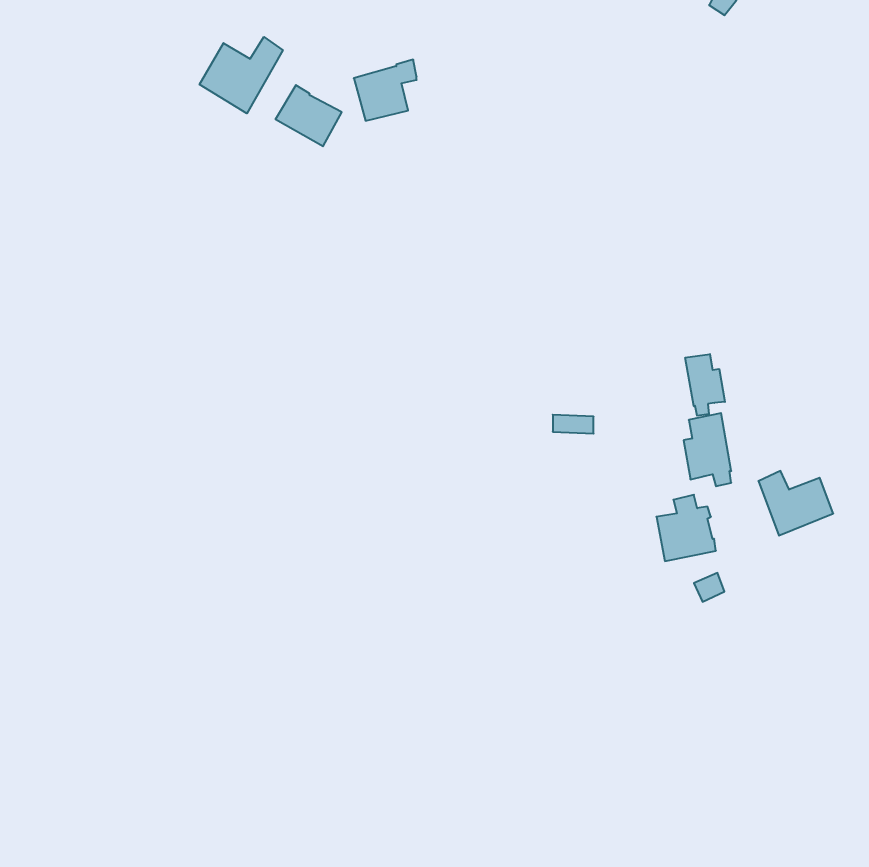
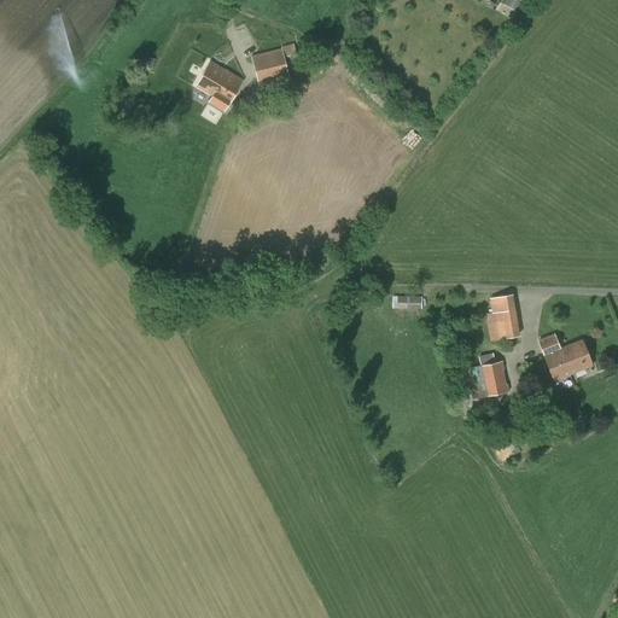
building: [200,37,283,113] -> none
building: [685,354,725,416] -> none

